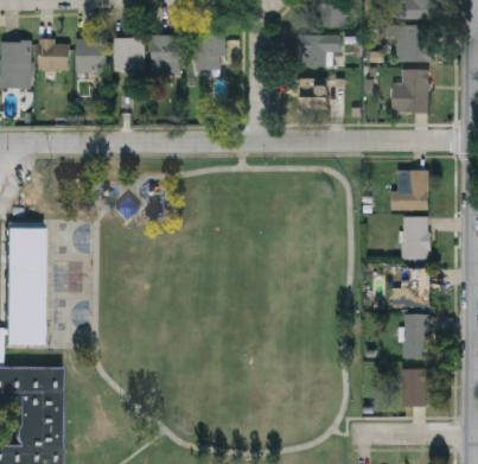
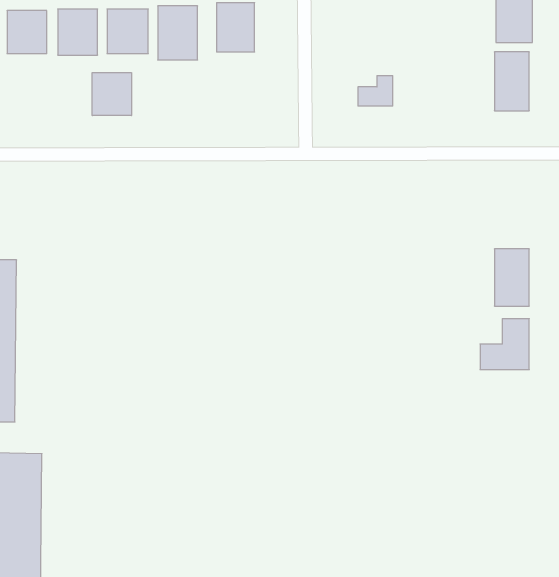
building: [295,36,339,57] -> none
building: none -> [92,73,131,116]
building: [390,170,428,210] -> none
building: [402,313,428,358] -> none
building: [401,368,427,406] -> none

